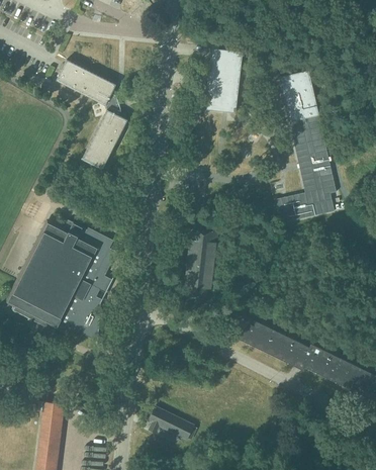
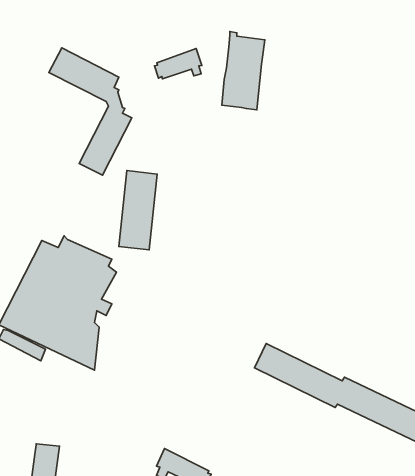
building: none -> [155,48,202,79]
building: [274,73,336,222] -> none
building: [183,229,216,298] -> [119,171,157,250]

